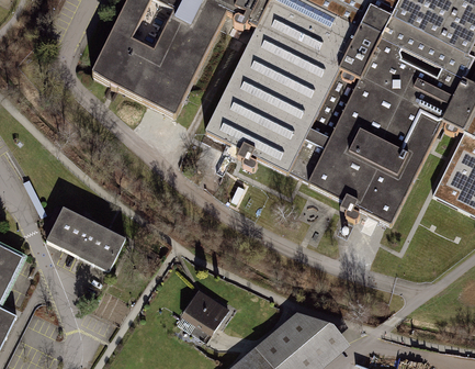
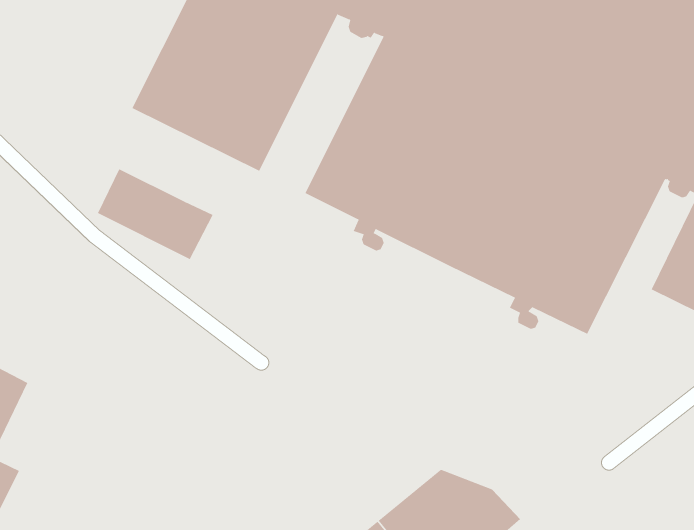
building: [49,206,126,267] -> [97,168,214,260]
building: [180,291,228,337] -> none

